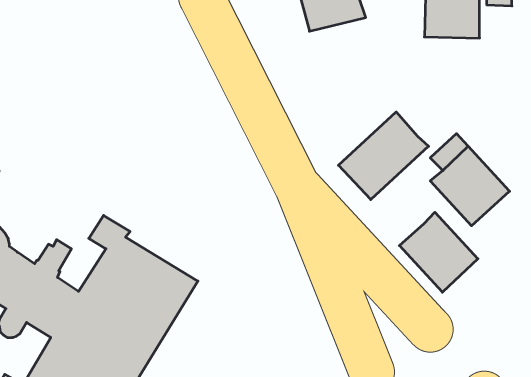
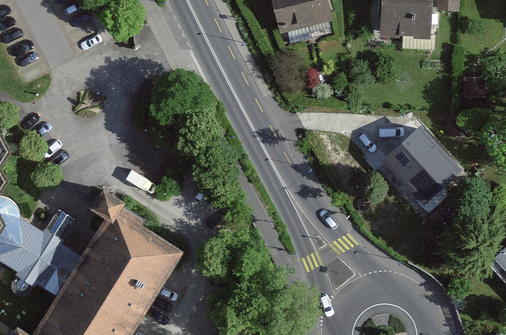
building: [338,112,429,200] -> none
building: [399,212,478,292] -> none

